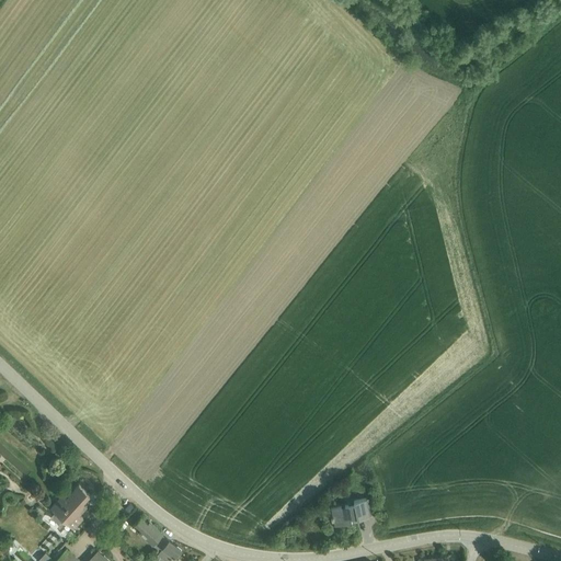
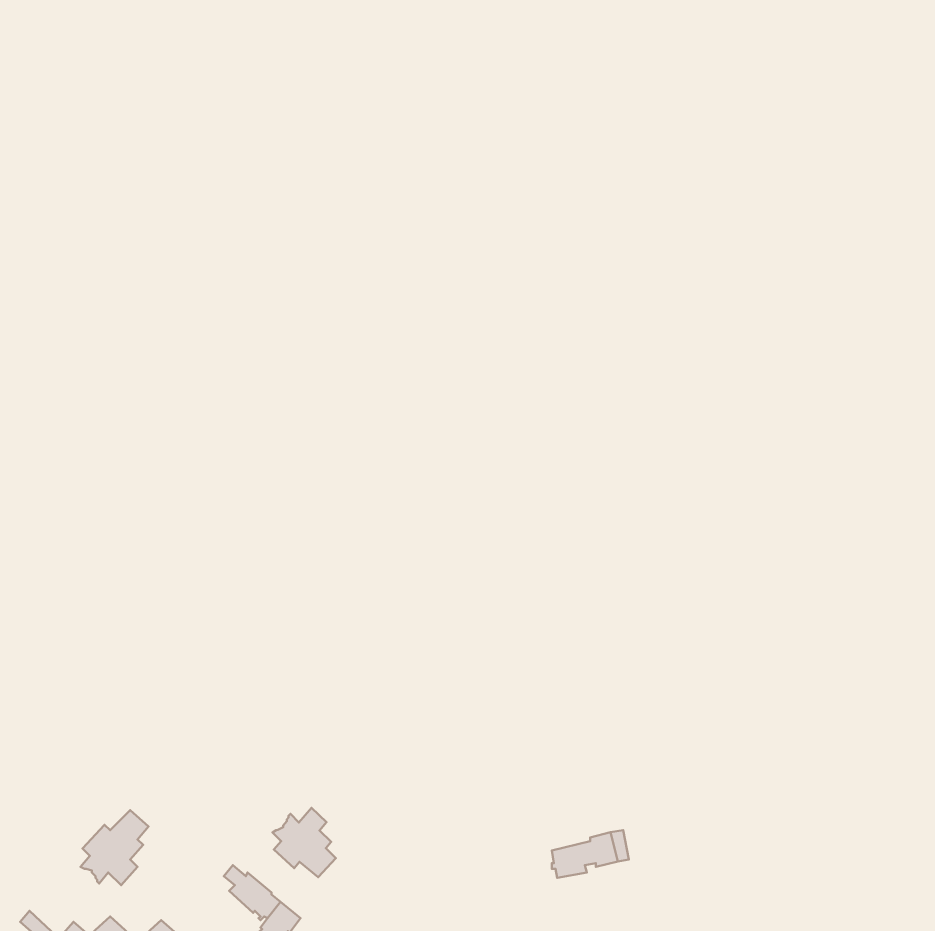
building: none -> [273,808,336,877]

